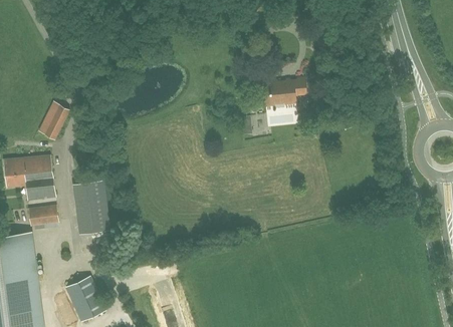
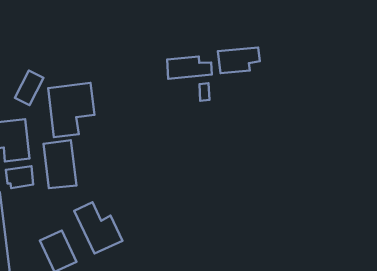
building: none -> [167,56,212,79]
building: none -> [48,83,95,137]
building: none -> [74,202,122,254]

